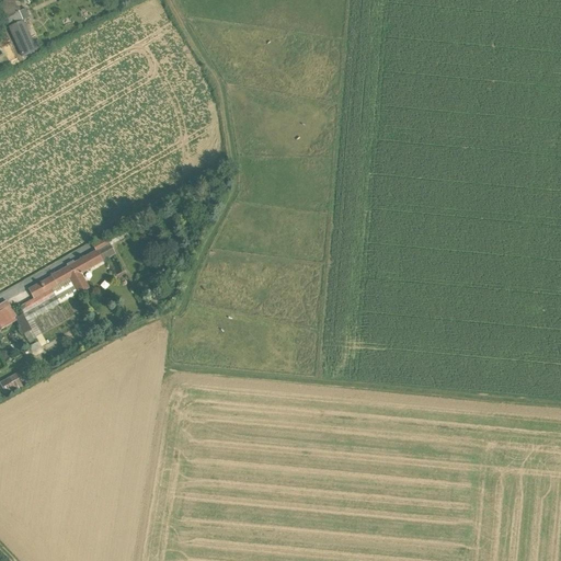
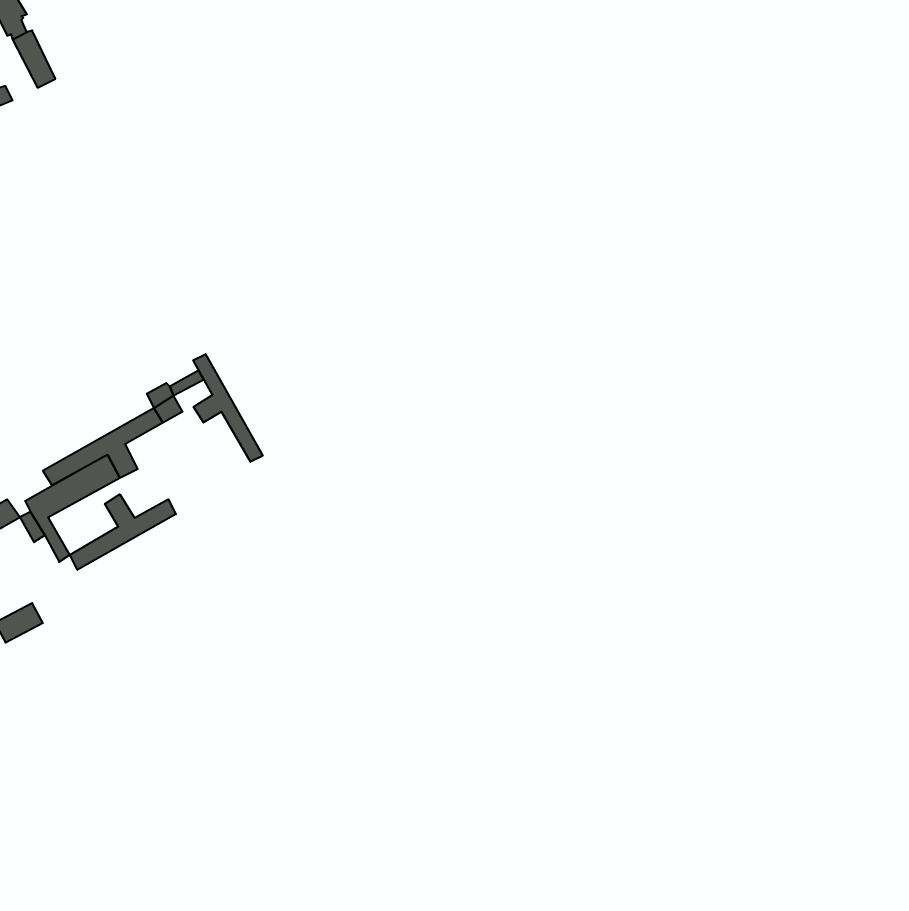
building: none -> [193,354,263,462]
building: none -> [70,494,176,570]

